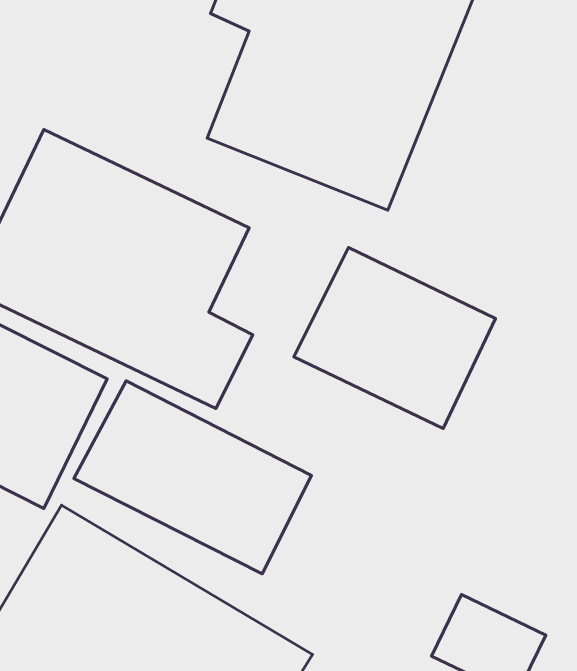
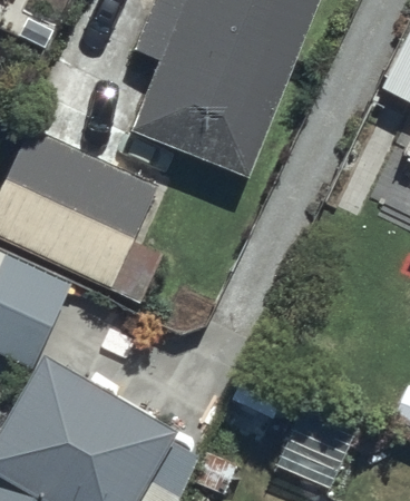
building: [294,247,496,428] -> none
building: [74,381,312,574] -> none

